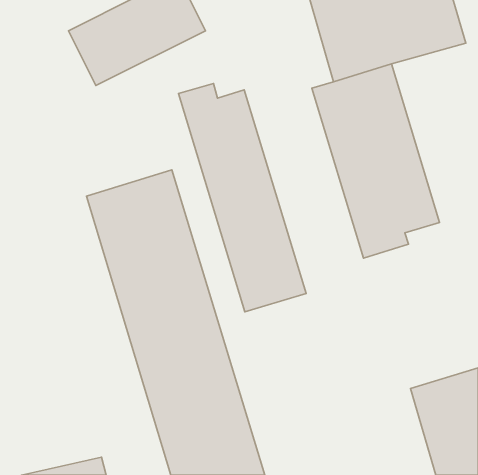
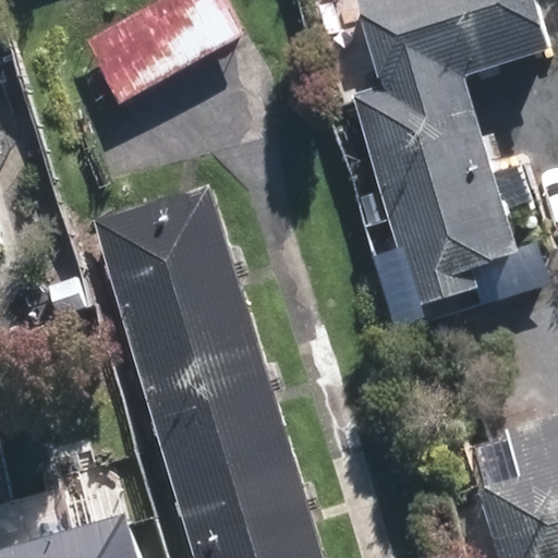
building: [179,83,306,312] -> none

